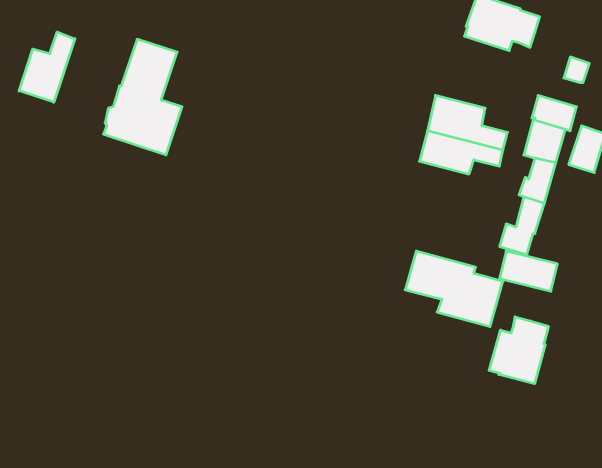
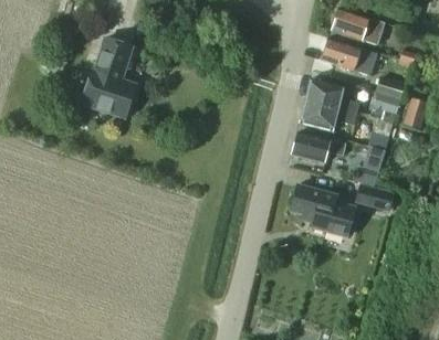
building: [19,32,75,102] -> none
building: none -> [322,36,378,75]
building: none -> [292,130,346,162]
building: [489,317,548,384] -> none

